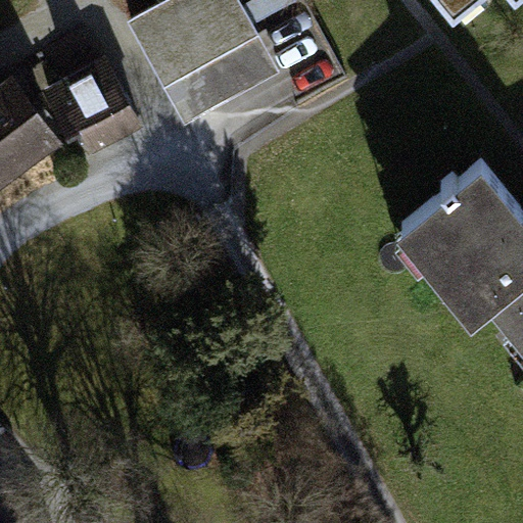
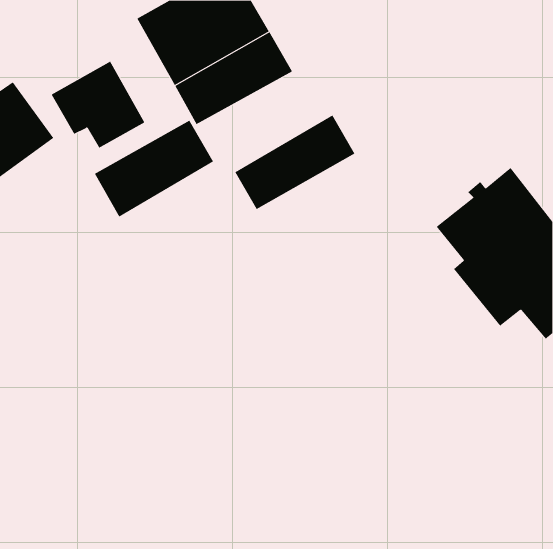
building: none -> [234,114,355,210]
building: none -> [94,120,214,218]

